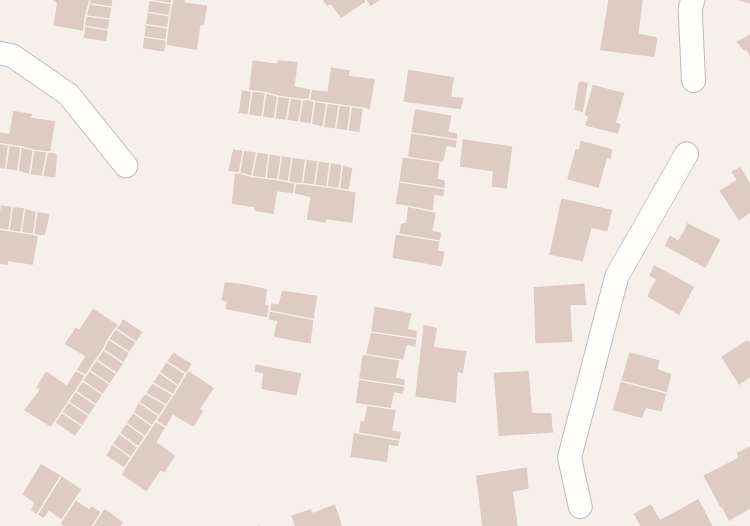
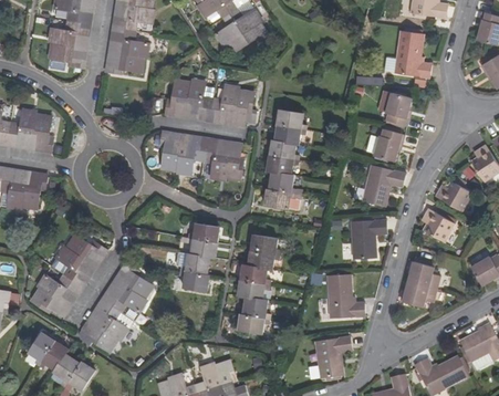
building: [403,69,465,110] -> none
building: [459,138,513,189] -> none
building: [221,281,270,318] -> [175,252,206,275]
building: [414,324,467,404] -> none

